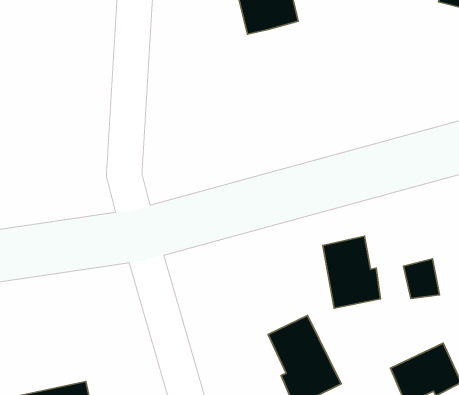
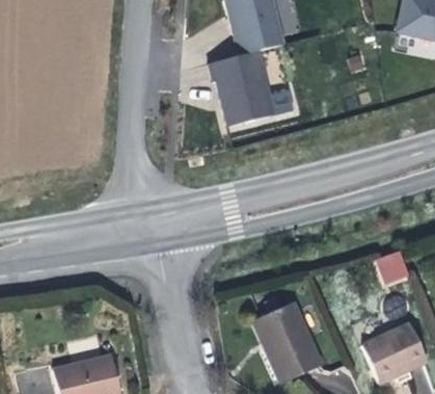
building: none -> [210,52,275,127]
building: [323,236,380,308] -> none

